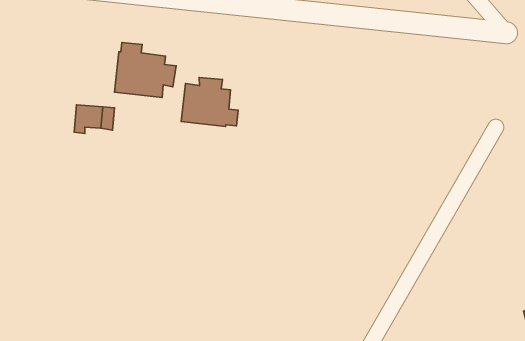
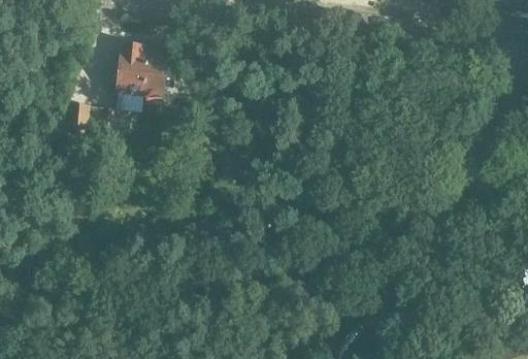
building: [181,78,238,126] -> none

